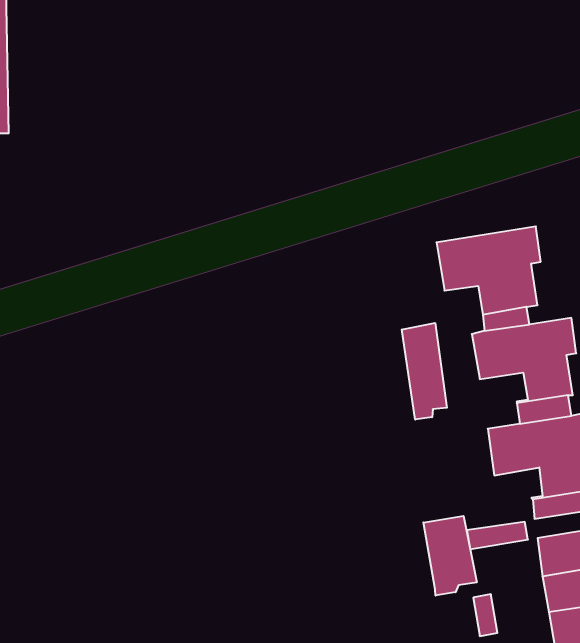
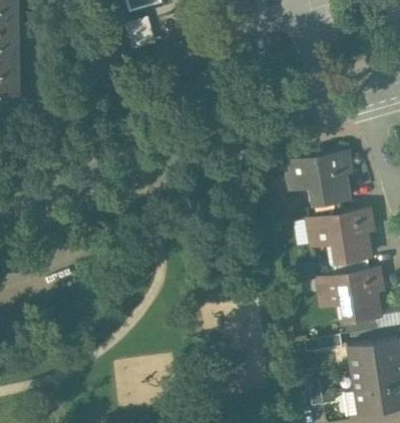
building: [402,323,447,420] -> none
building: [423,516,477,596] -> none

